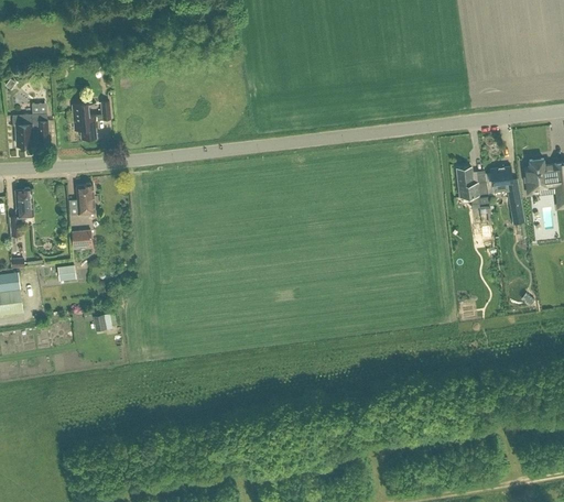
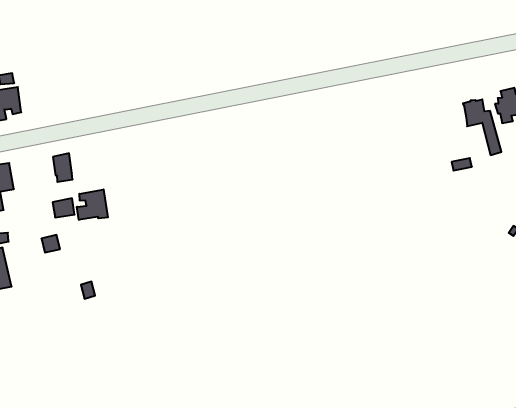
building: [72,100,111,139] -> none
building: [456,167,490,209] -> none
building: none -> [77,189,108,220]

